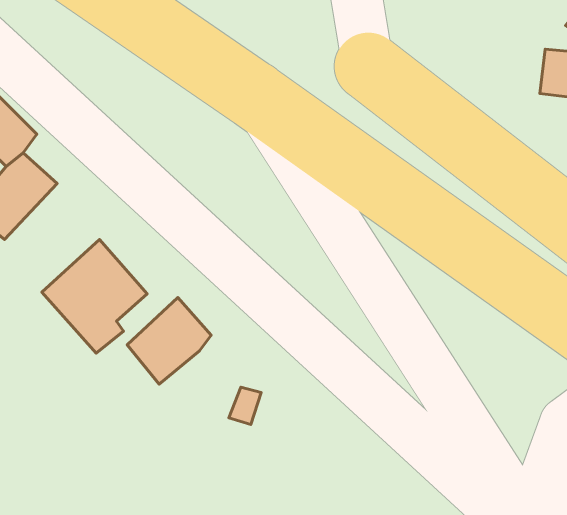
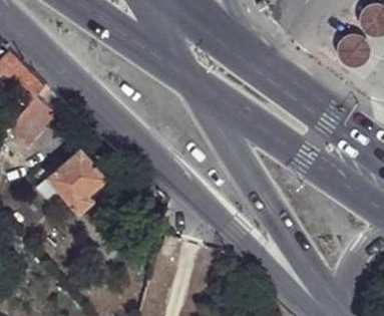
building: [127,297,211,384] -> none

